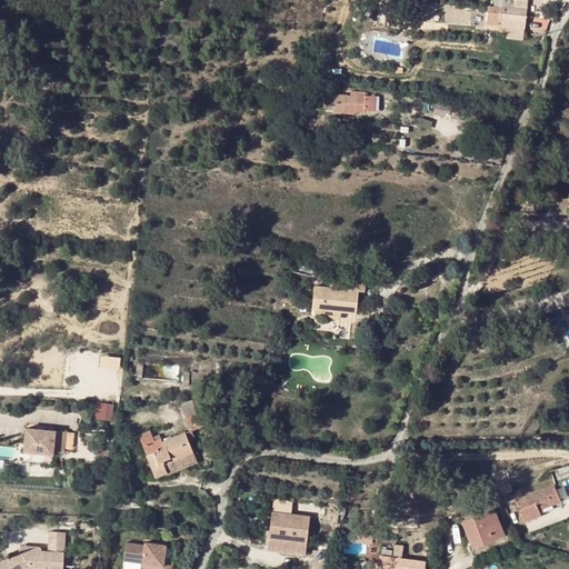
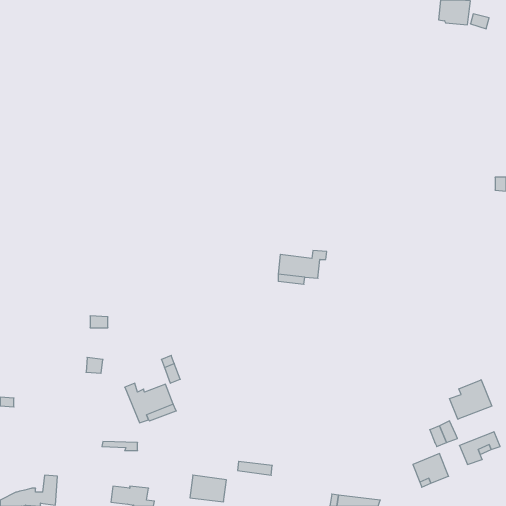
building: [346,92,372,113] -> none
building: none -> [450,380,492,419]
building: [27,428,70,455] -> none
building: [263,528,305,558] -> [190,475,226,502]

